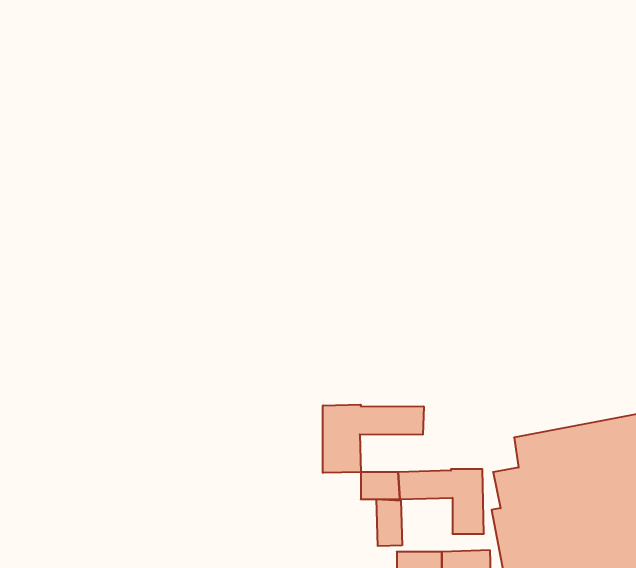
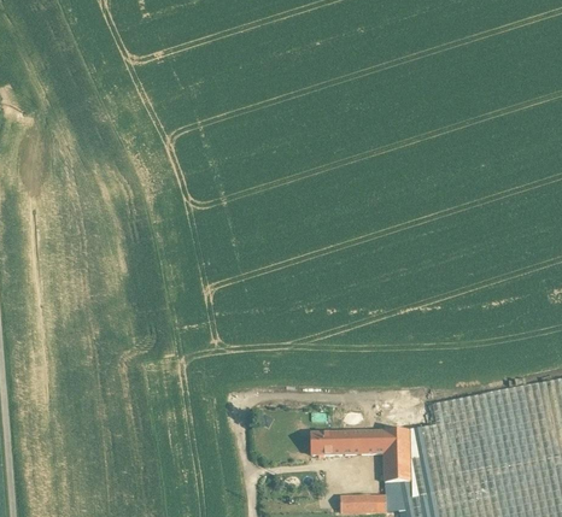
building: [323,405,424,473] -> none
building: [377,499,402,546] -> none

